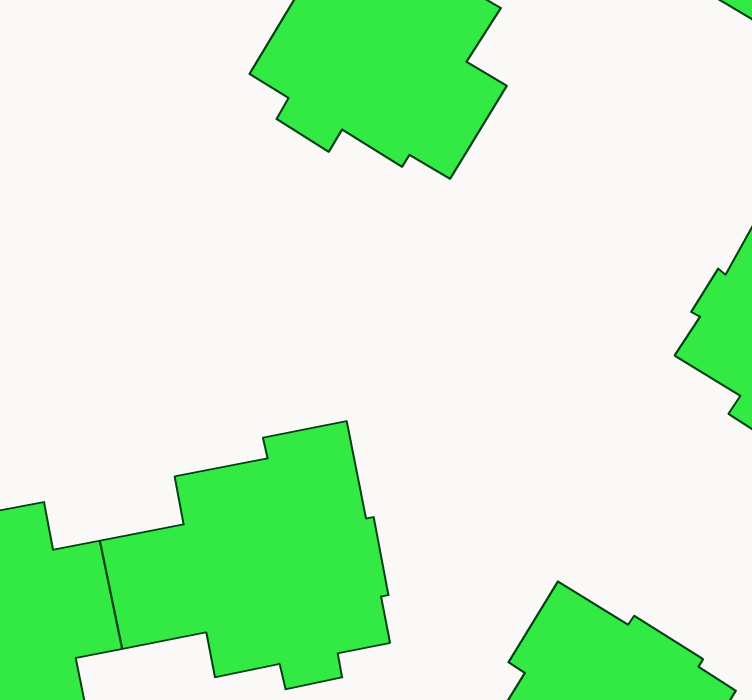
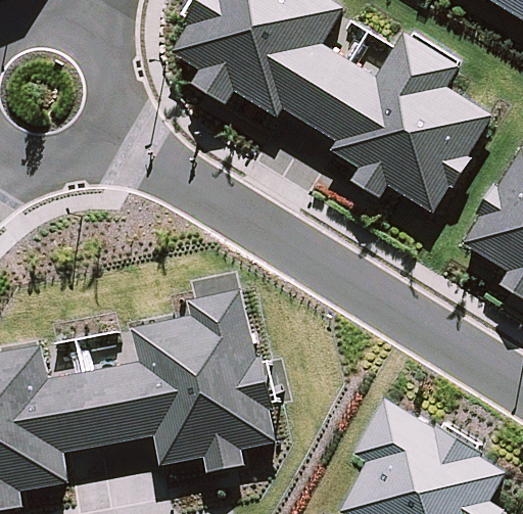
building: none -> [312,33,494,213]

